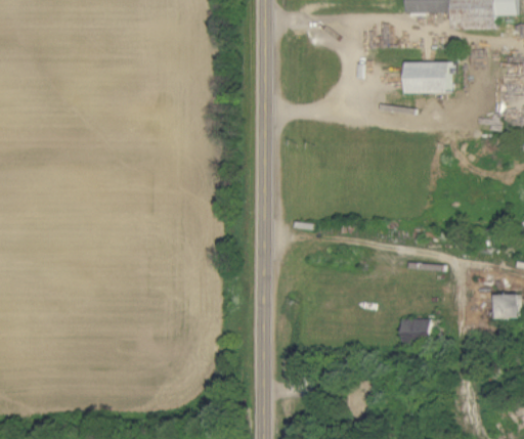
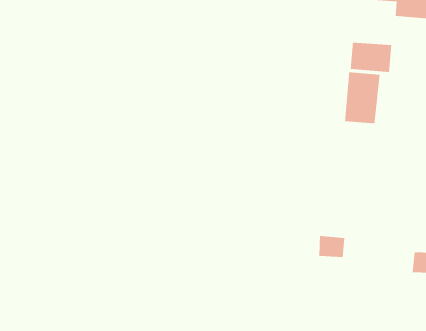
building: none -> [345,71,380,124]
building: [400,319,430,343] -> [318,236,345,257]

